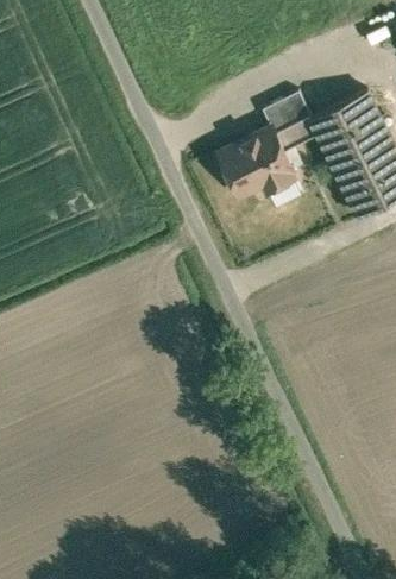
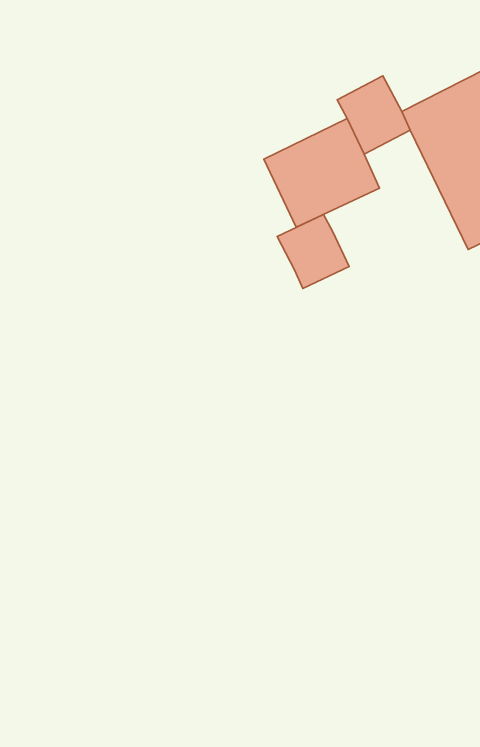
building: none -> [277,214,349,289]

